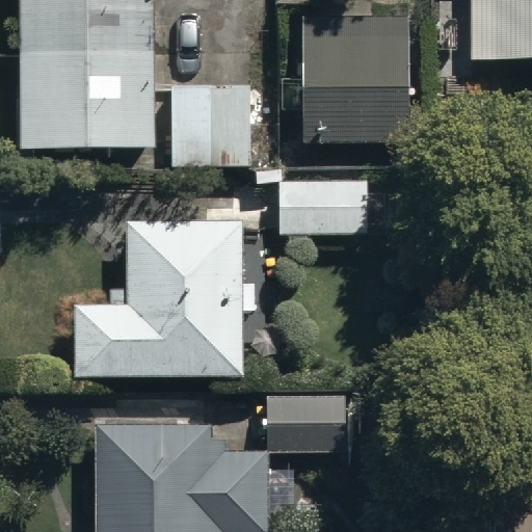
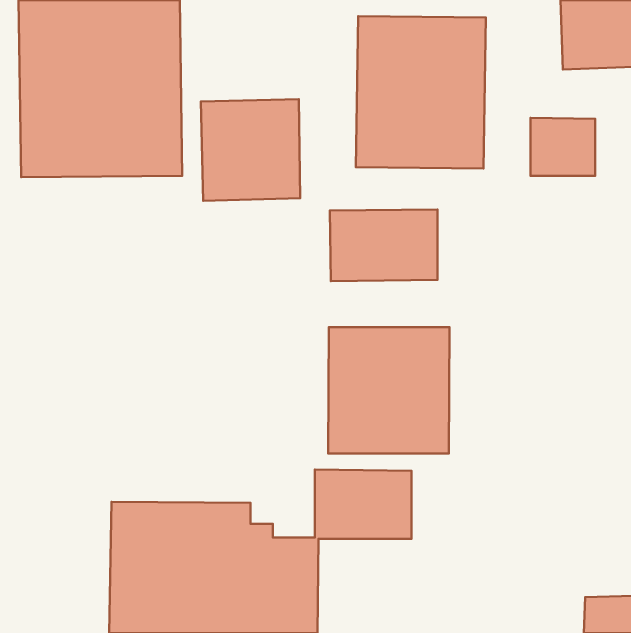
building: [74,217,242,376] -> none
building: none -> [328,327,450,454]

